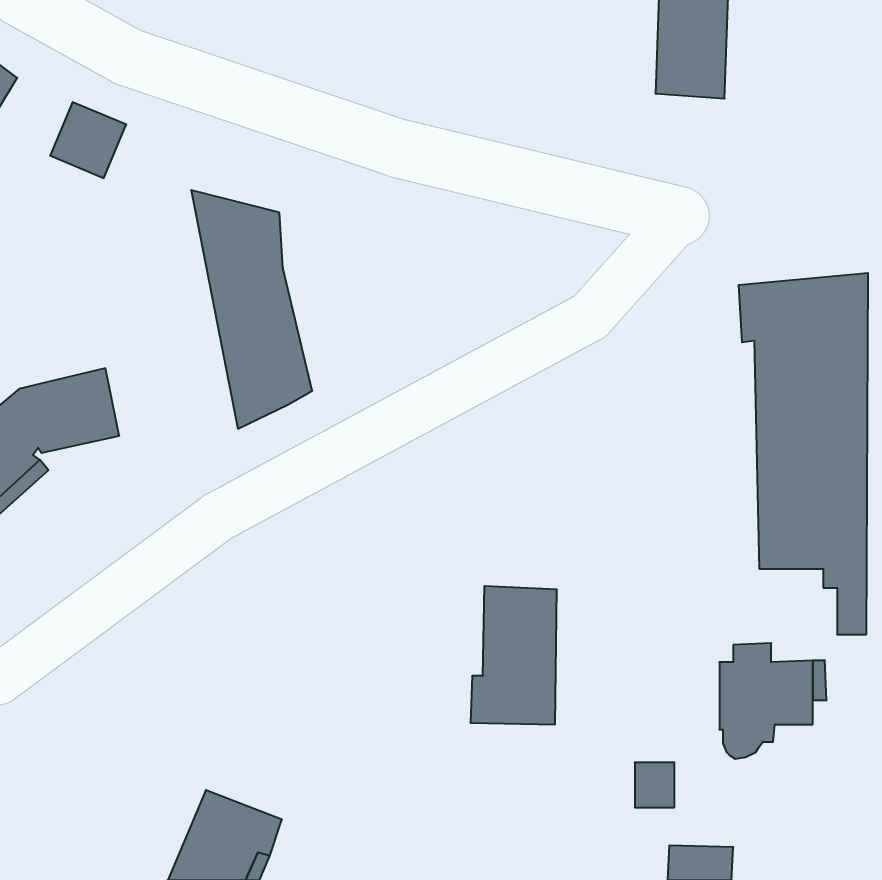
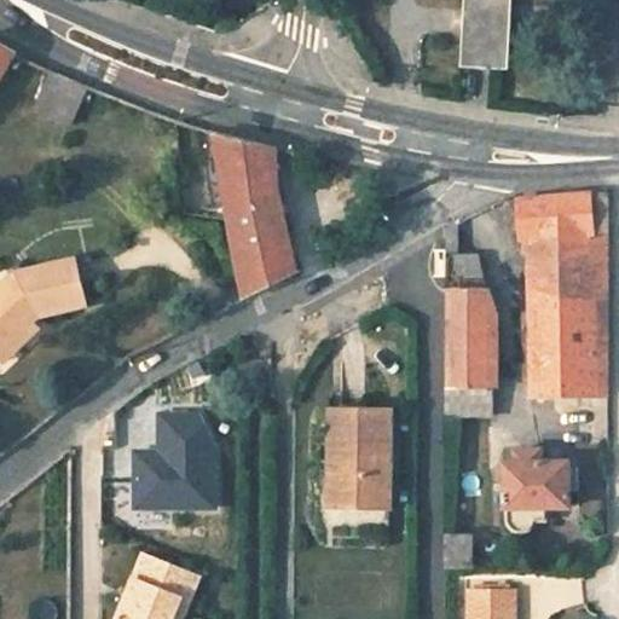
building: [191,190,312,429] -> [210,132,295,299]
building: none -> [444,220,491,417]
building: none -> [137,410,221,509]

